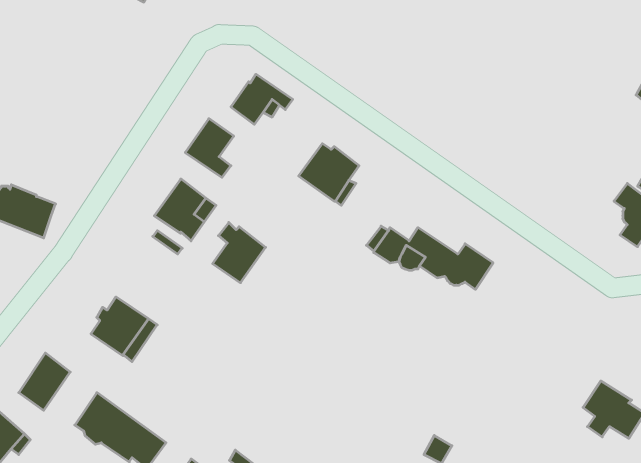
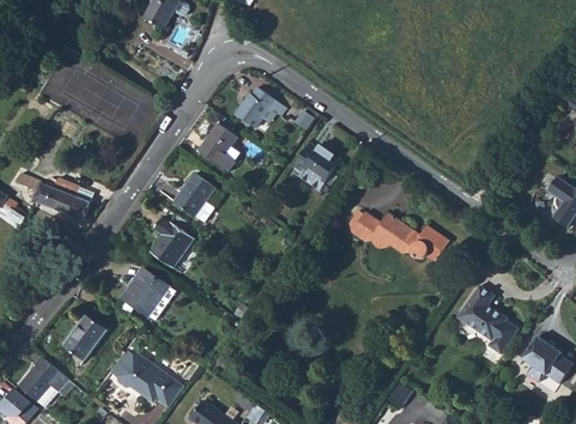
building: [213,222,266,283] -> [148,218,192,267]
building: none -> [456,285,517,353]

